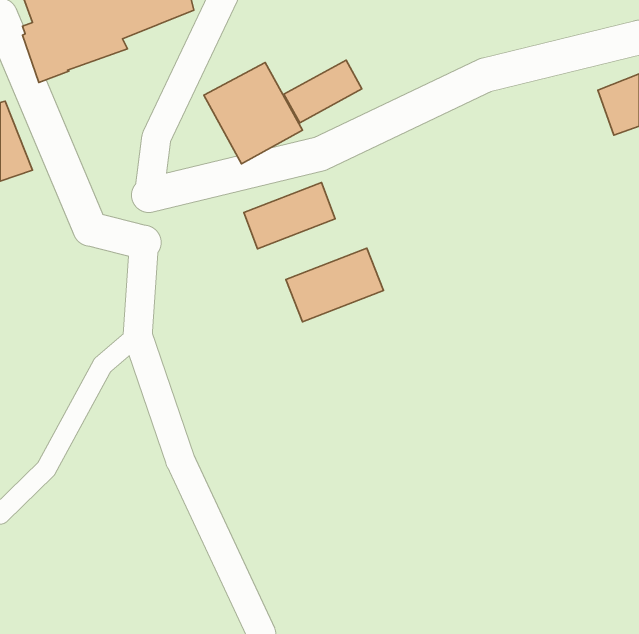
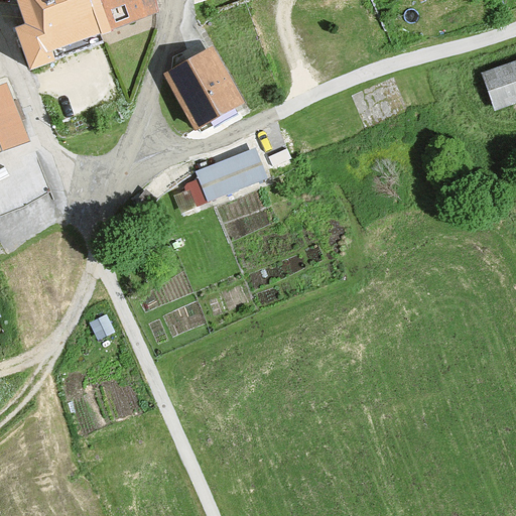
building: [284,60,362,123] -> none
building: [286,248,384,322] -> none

